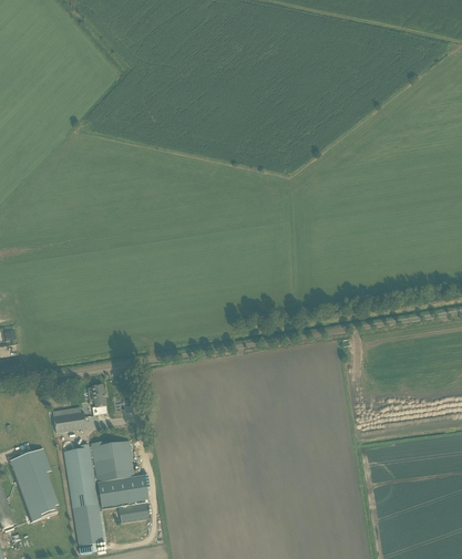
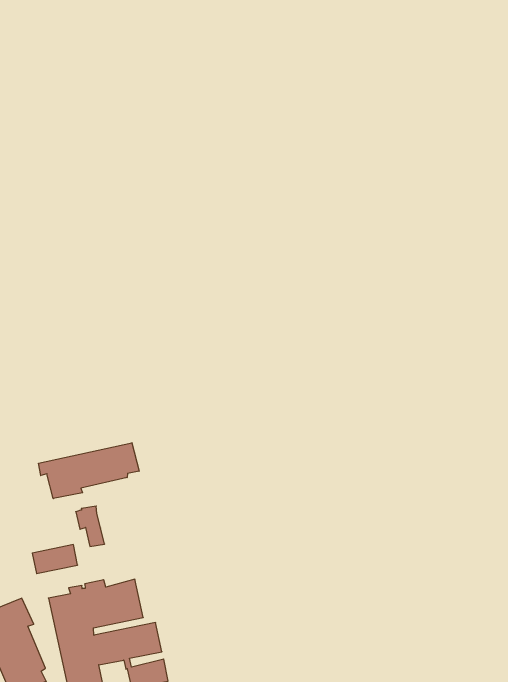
building: none -> [39,443,139,499]

